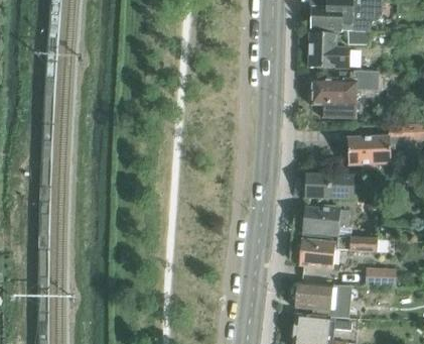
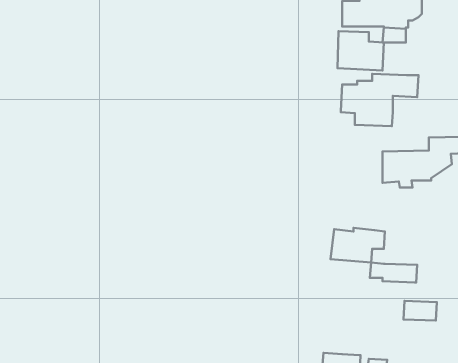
building: [305,176,355,199] -> none
building: [300,232,338,268] -> none
building: [296,282,347,317] -> none

